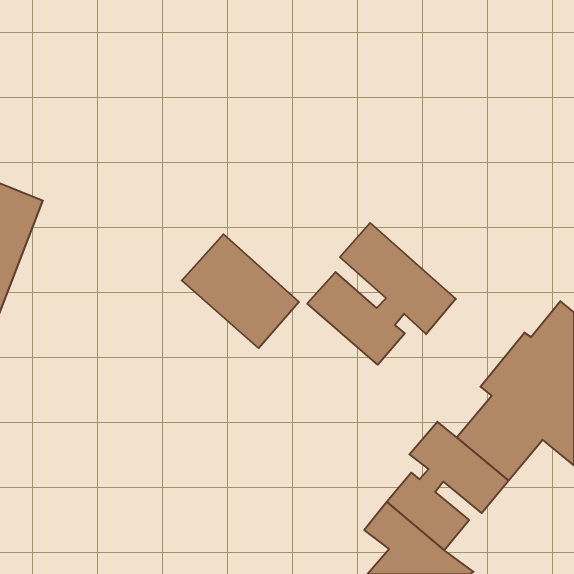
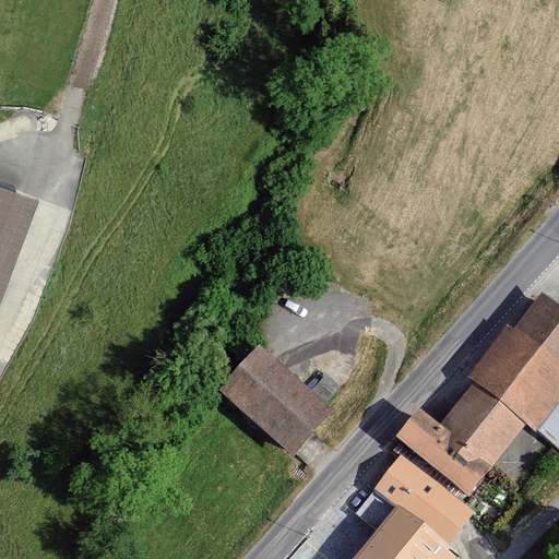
building: [307,223,456,365] -> none
building: [182,234,299,348] -> [221,346,334,456]

